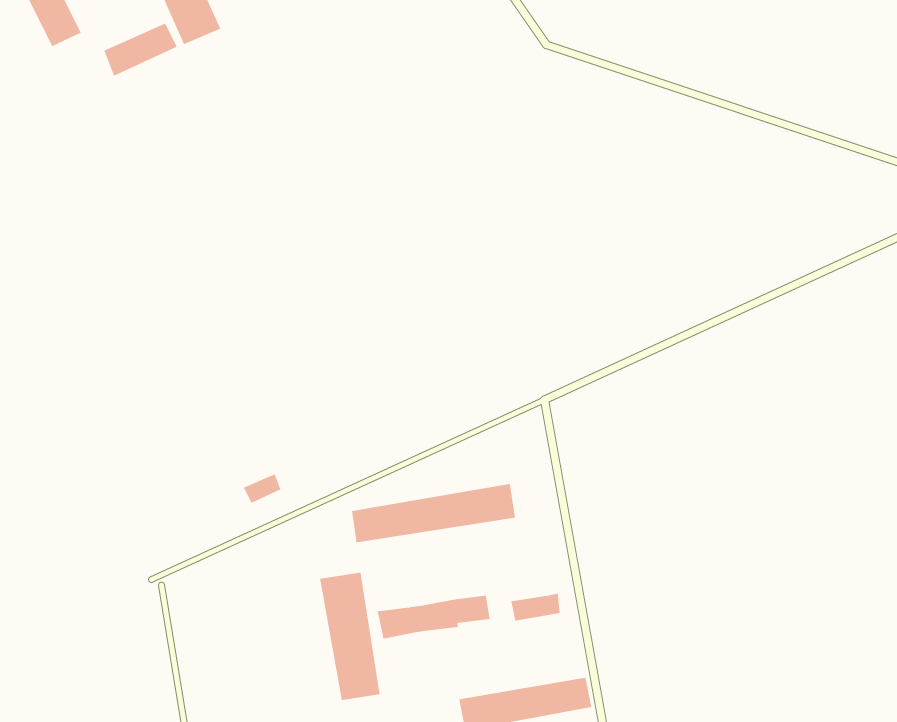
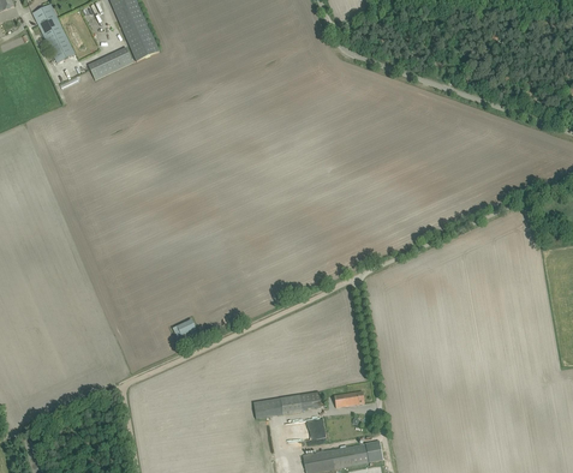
building: [352,483,516,543] -> none
building: [320,572,380,701] -> none

